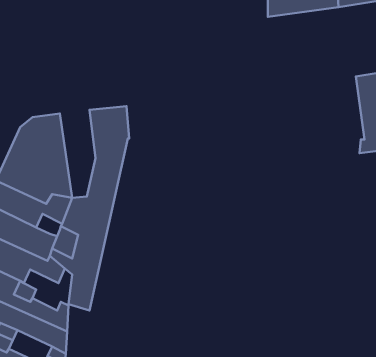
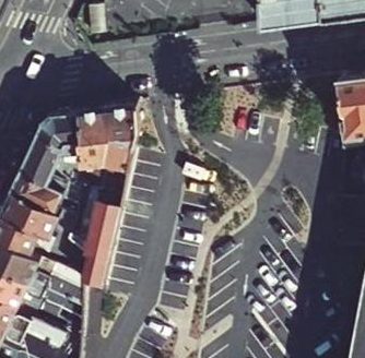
building: none -> [76,109,108,187]

